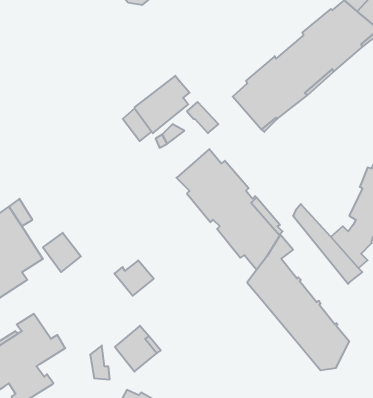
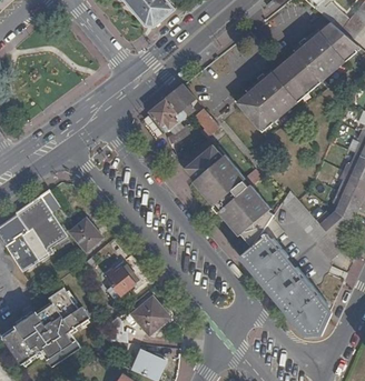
building: [114,260,154,296] -> [105,264,138,294]

